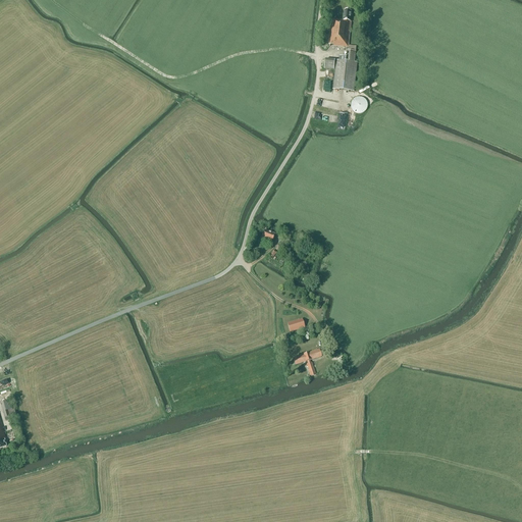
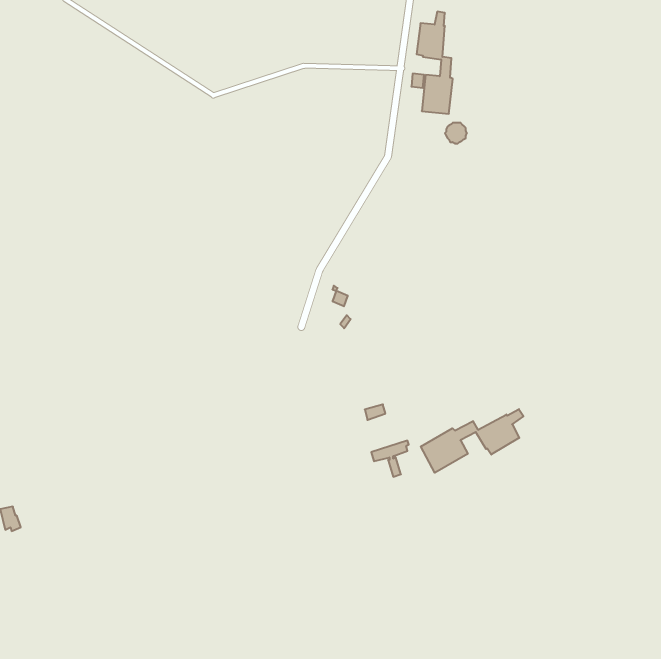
building: none -> [421,409,523,473]

